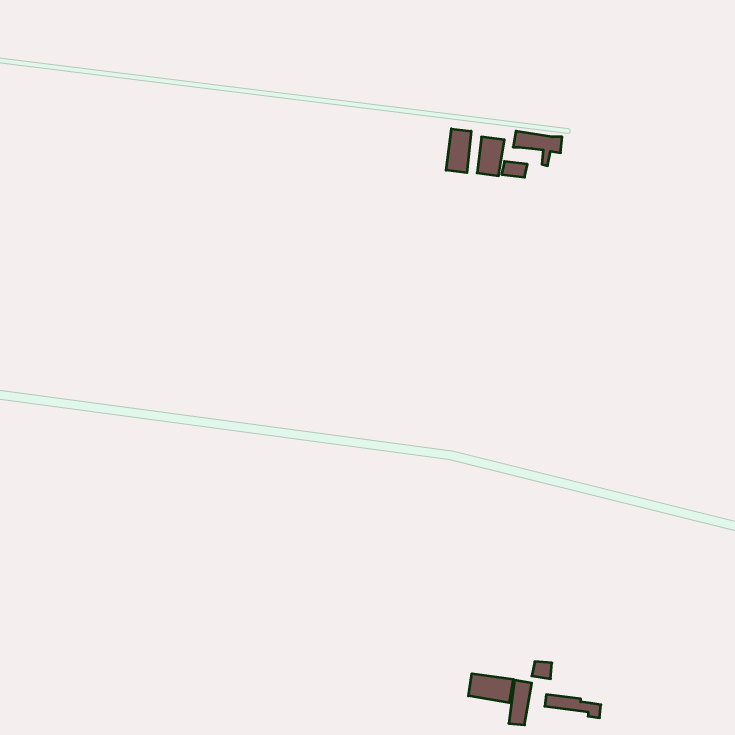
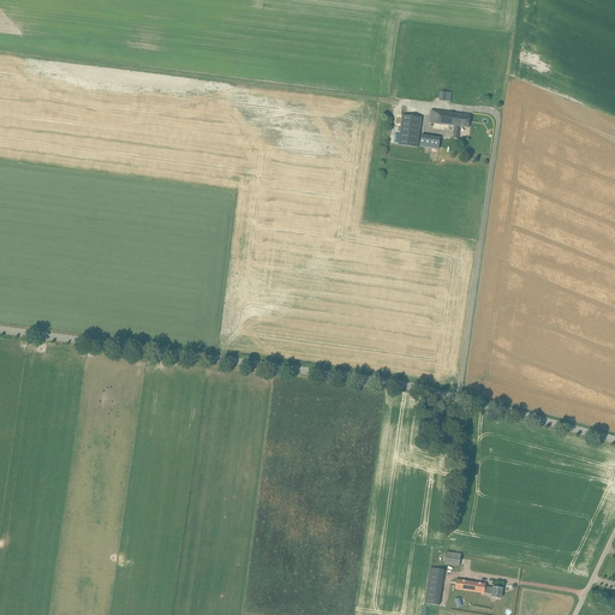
building: [446,129,471,173] -> none
building: [468,674,513,703] -> none

